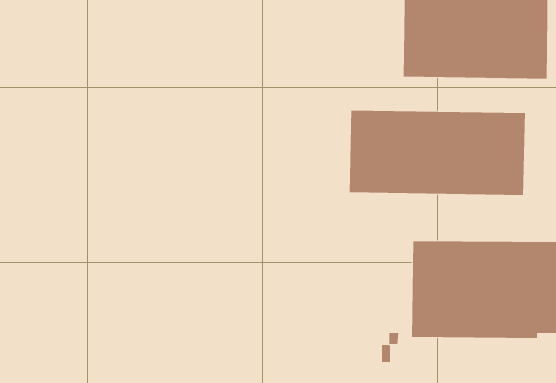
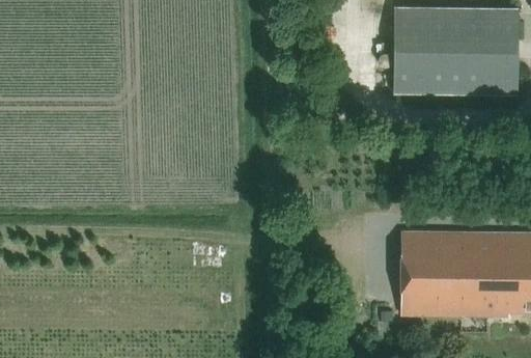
building: [349,110,526,196] -> none

